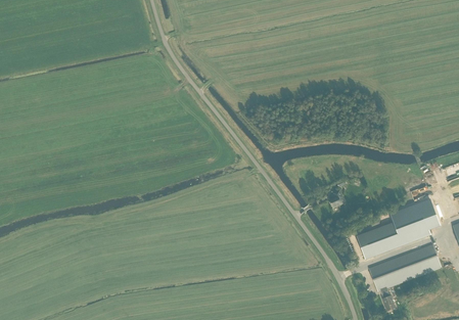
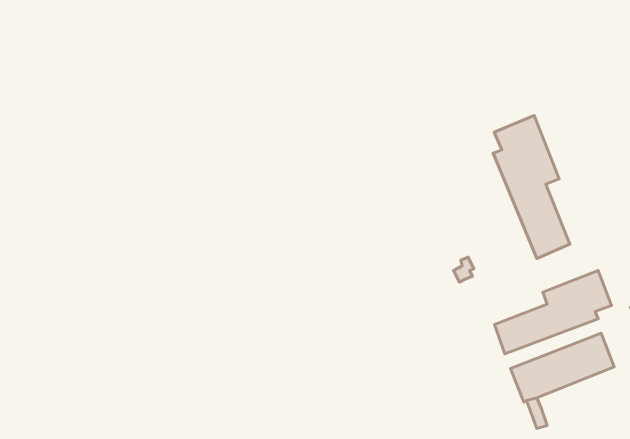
building: none -> [493,115,570,259]

